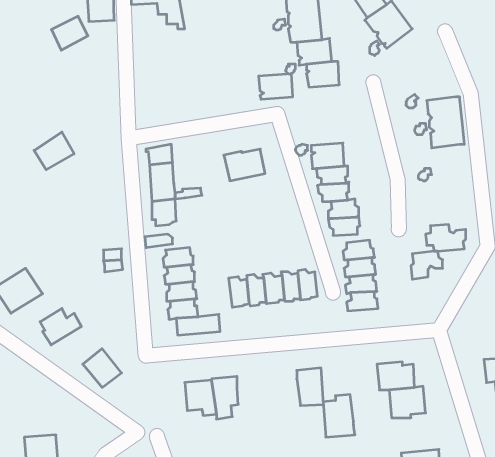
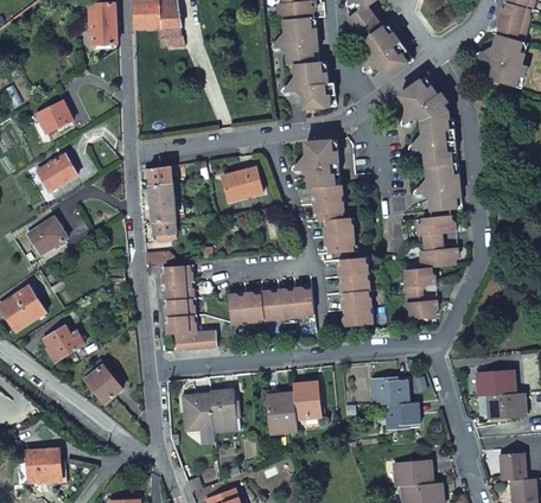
building: [51,16,88,50] -> [37,100,72,133]
building: none -> [406,85,448,121]
building: [259,74,293,99] -> [305,140,338,165]
building: none -> [425,164,462,211]
building: none -> [26,215,66,253]
building: none -> [416,216,456,243]
building: none -> [406,293,438,319]
building: [323,395,355,437] -> [267,393,298,434]

